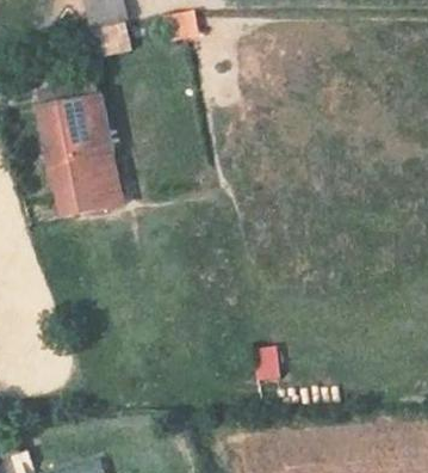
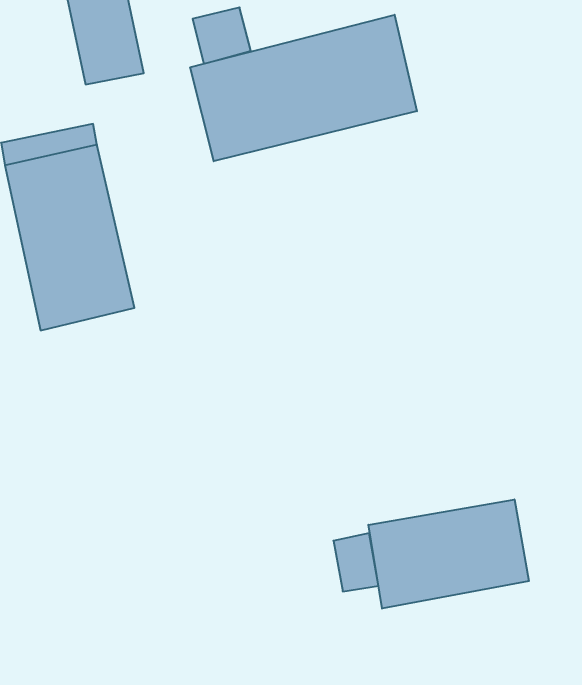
building: none -> [190,15,417,161]
building: none -> [368,499,529,609]

